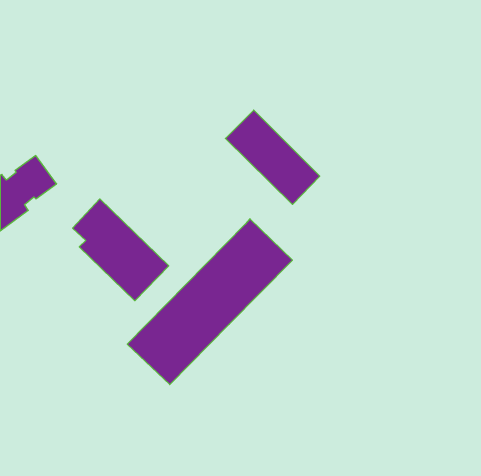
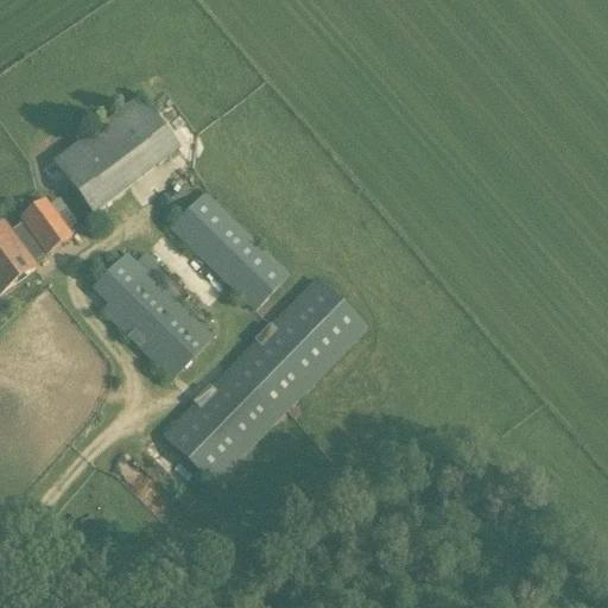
building: none -> [55,94,179,210]
building: [225,110,320,204] -> [171,191,290,310]

